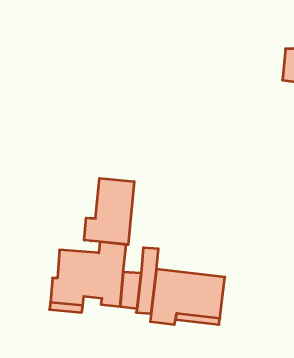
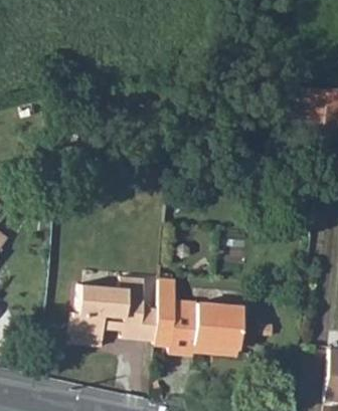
building: [84,178,134,245] -> none

